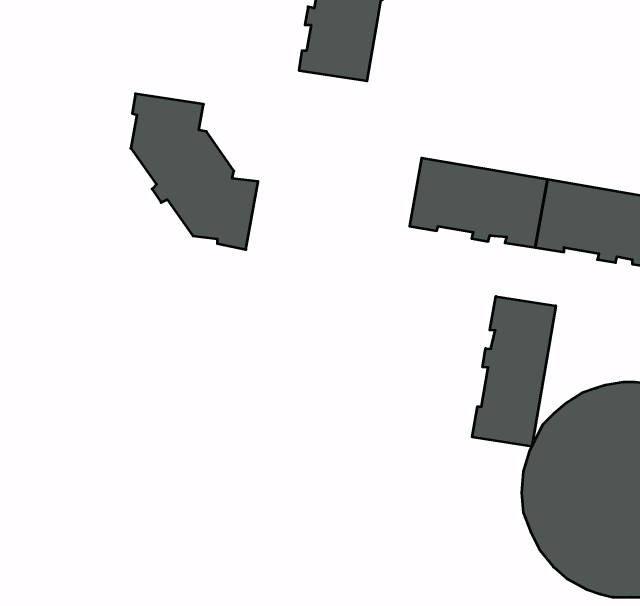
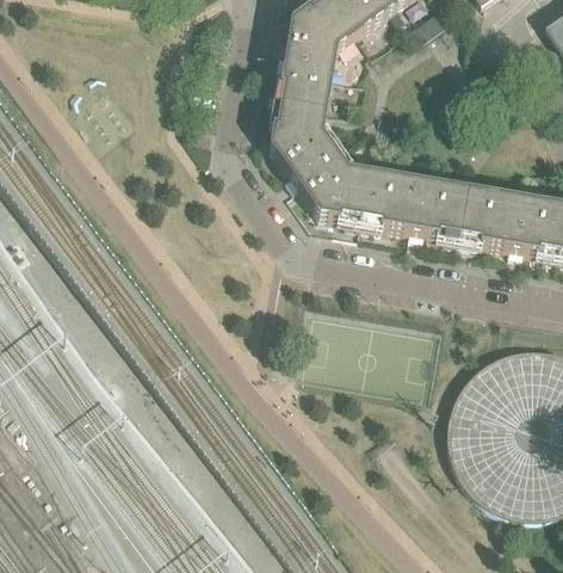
building: [131,94,258,250] -> [271,98,371,221]
building: [472,296,556,446] -> none

